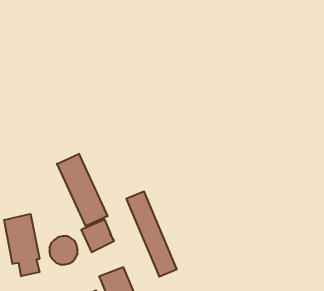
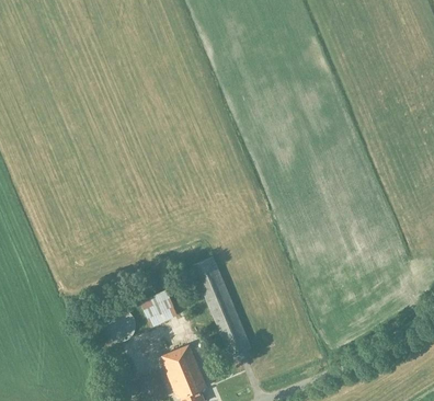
building: [57,154,108,226] -> none
building: [4,214,39,276] -> none

